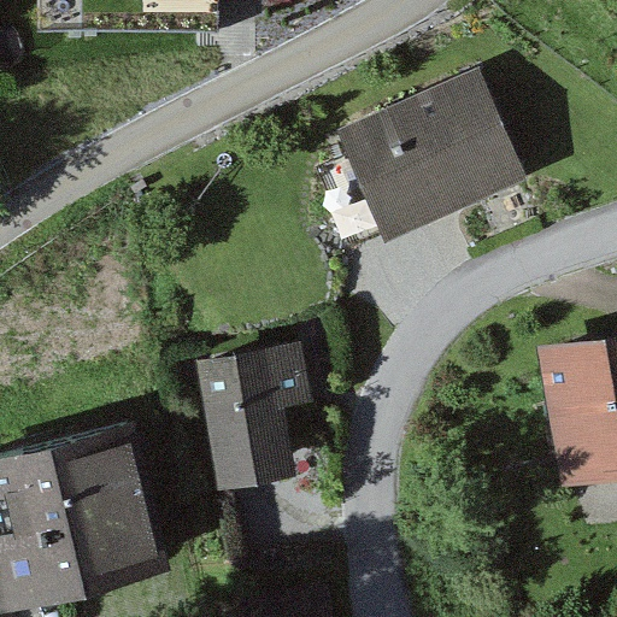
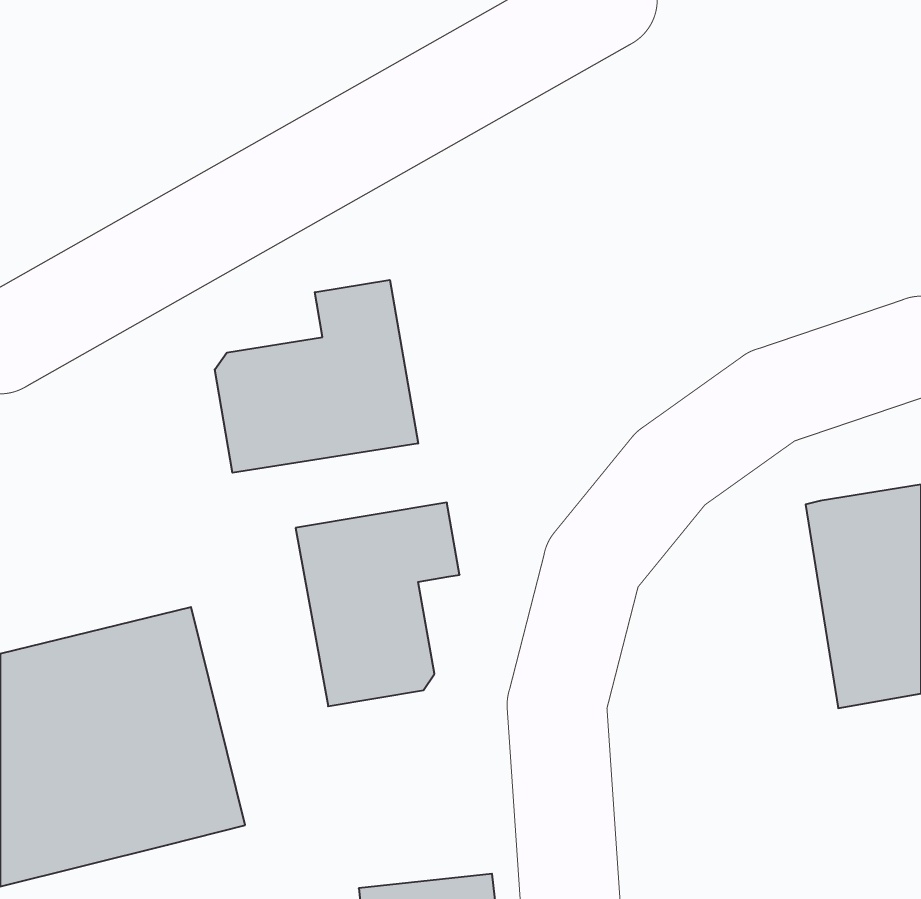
building: [311,77,522,257] -> none
building: none -> [215,280,418,473]

